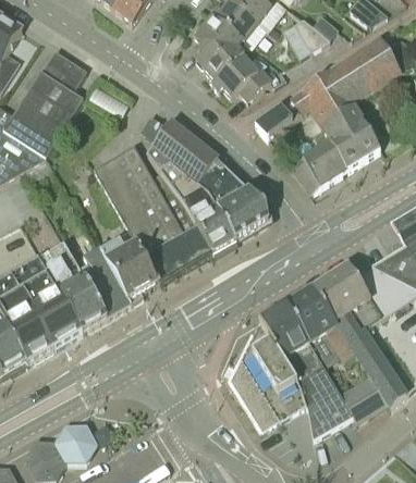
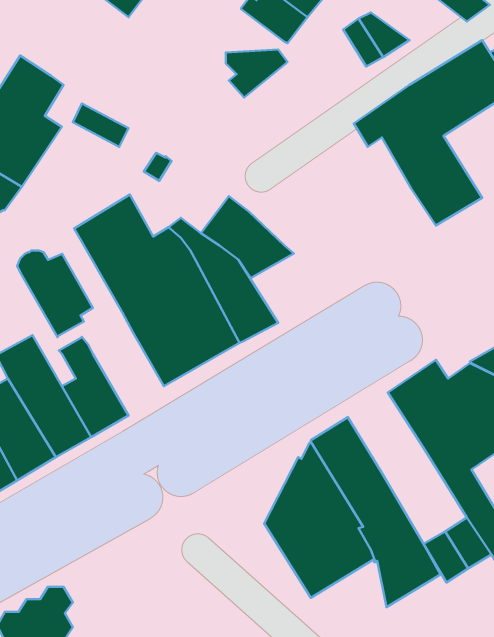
building: [200,15,242,46] -> none
building: [211,53,271,98] -> none
building: [255,96,301,136] -> none
building: [147,121,203,173] -> none
building: [292,141,348,189] -> none
building: [218,187,269,236] -> none
building: [103,240,157,301] -> [17,251,93,337]
building: [287,285,355,363] -> none

